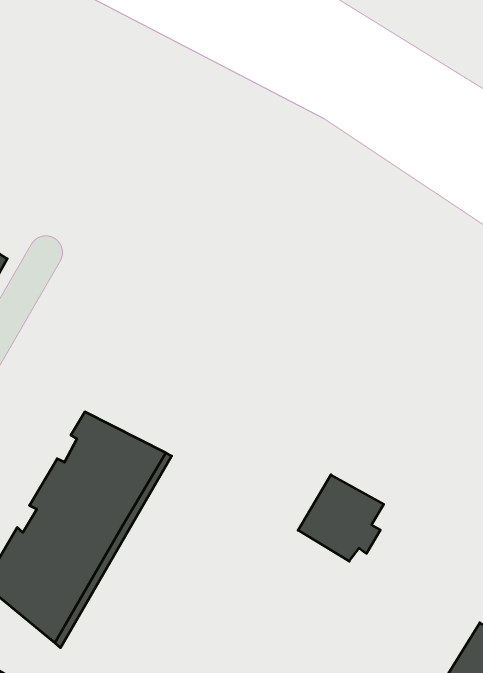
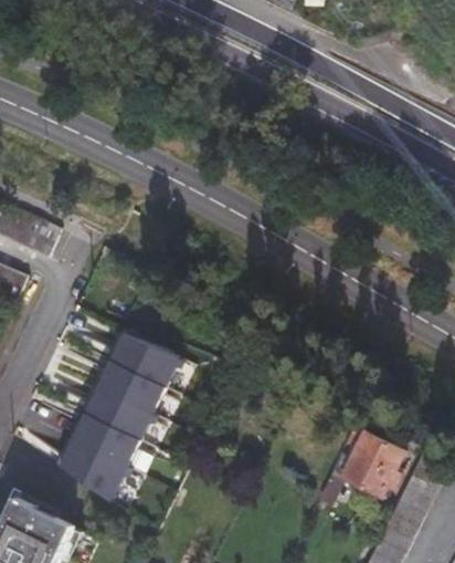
building: [298,475,384,561] -> [342,435,403,497]

